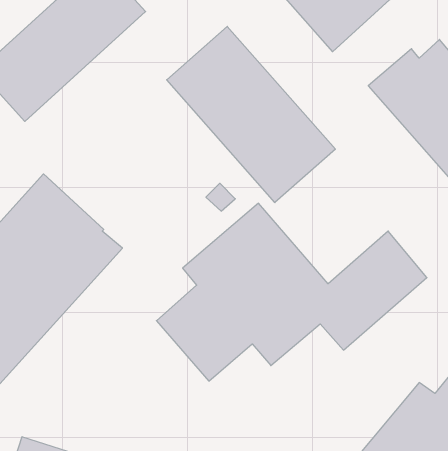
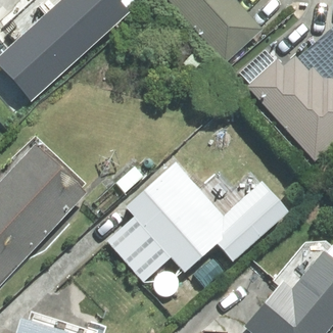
building: [167,26,335,203] -> none

